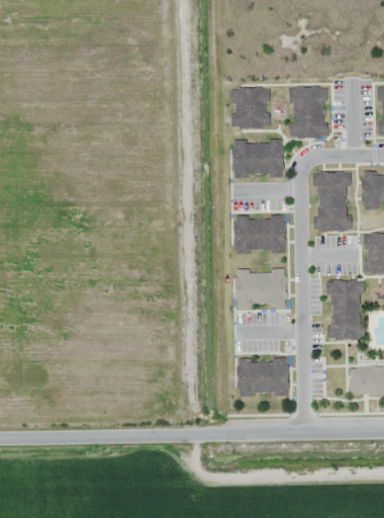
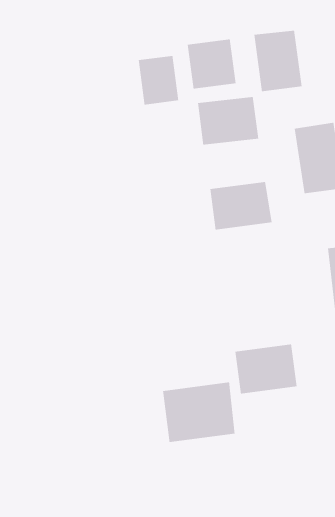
building: none -> [138,55,179,105]
building: [235,269,287,309] -> none
building: none -> [162,382,235,443]

